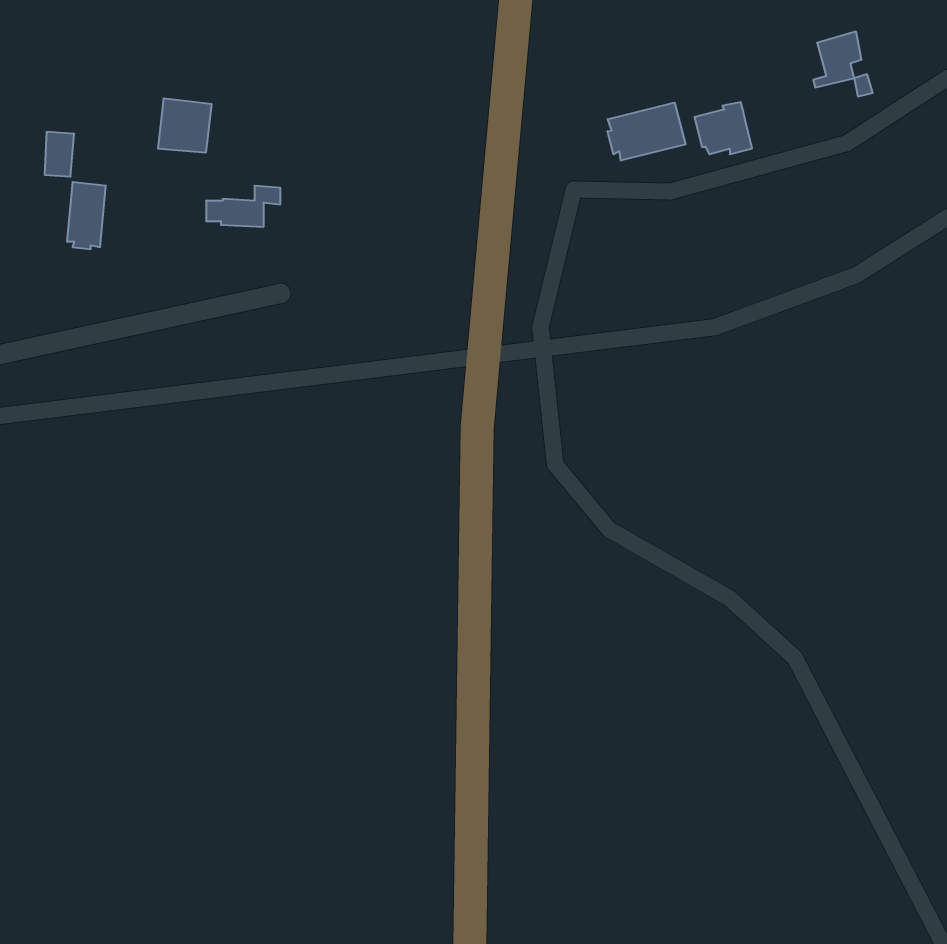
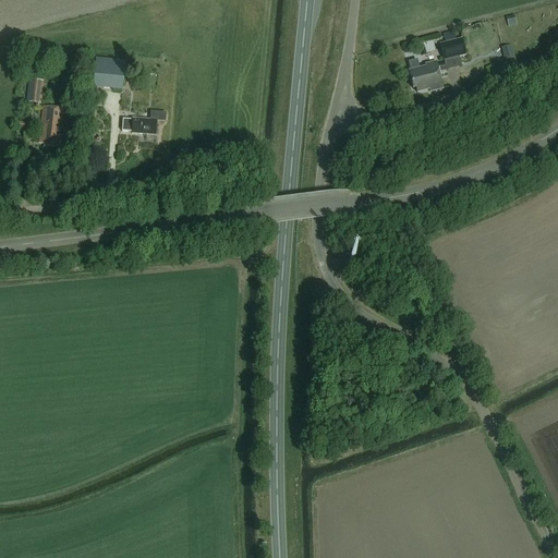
building: [813,32,862,87] -> [436,36,464,69]
building: [608,103,686,161] -> none

